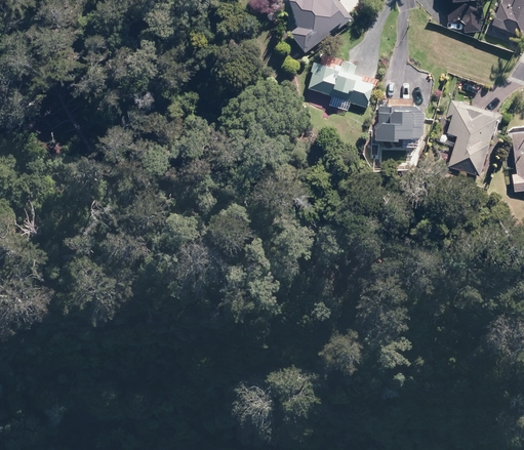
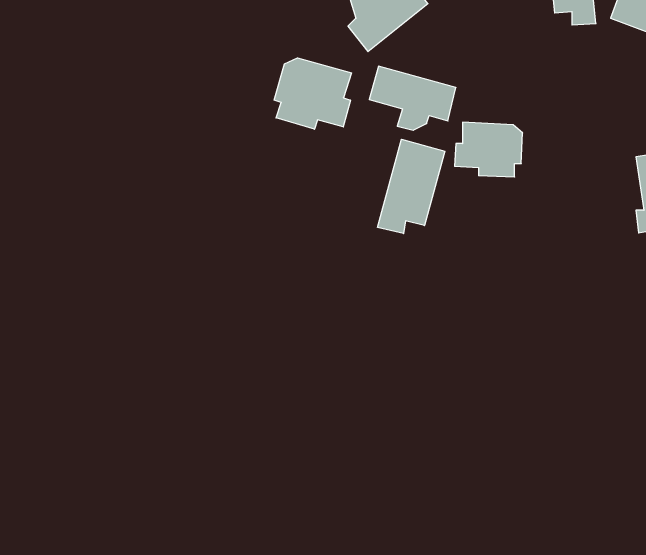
building: none -> [274,58,352,129]
building: [447,101,503,176] -> none
building: none -> [378,139,445,234]

